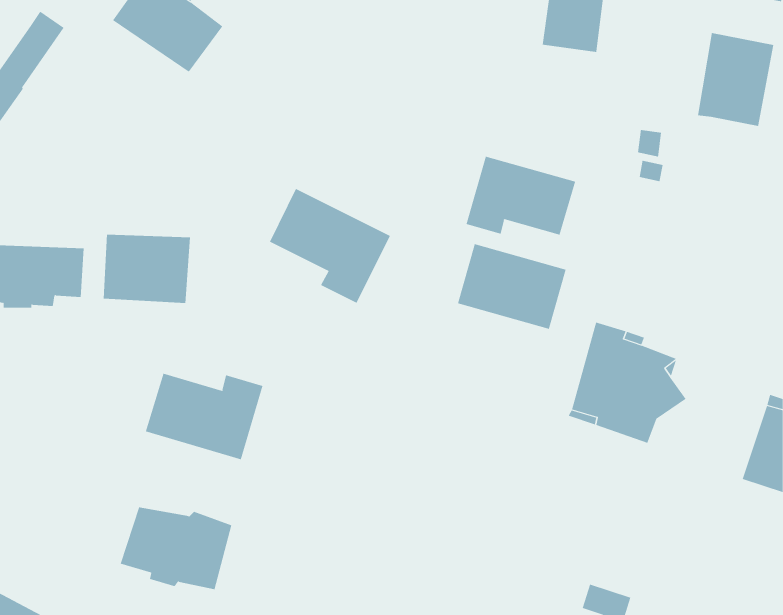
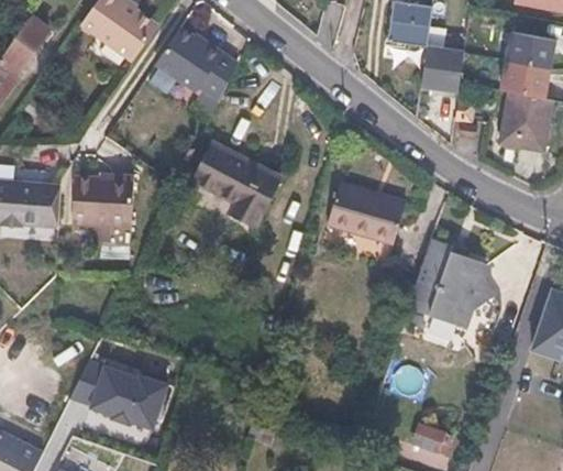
building: none -> [155,29,238,102]
building: none -> [421,44,465,90]
building: none -> [500,91,552,149]
building: [466,156,576,236] -> none
building: [145,373,263,460] -> none

